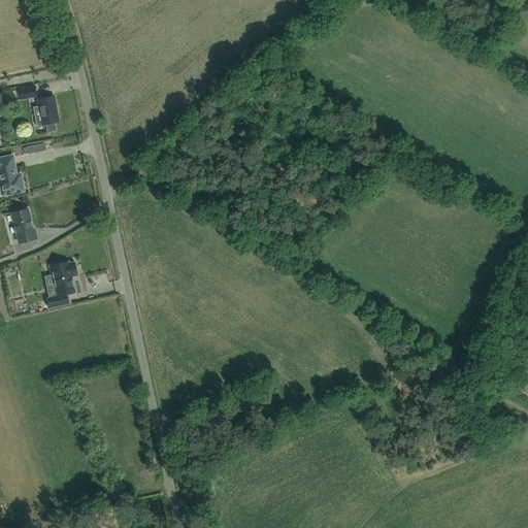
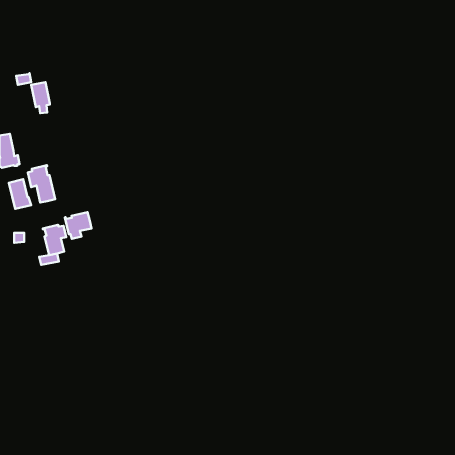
building: none -> [28,165,55,203]
building: none -> [65,212,92,239]

